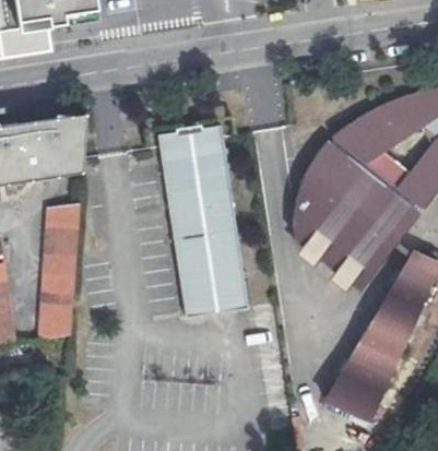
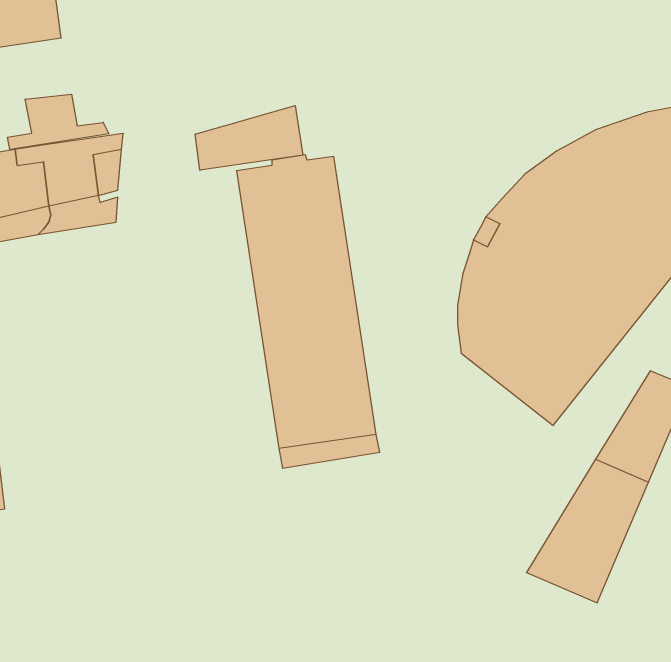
building: none -> [8,94,109,149]
building: none -> [195,106,303,170]
building: [39,203,79,340] -> none
building: [322,383,379,426] -> none

